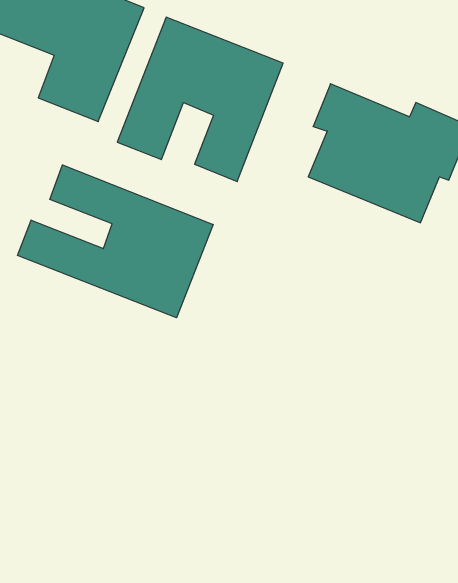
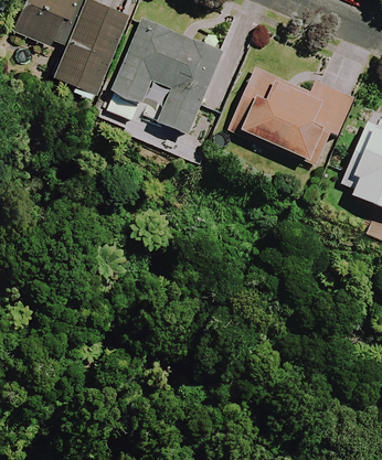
building: [17,165,213,318] -> none

